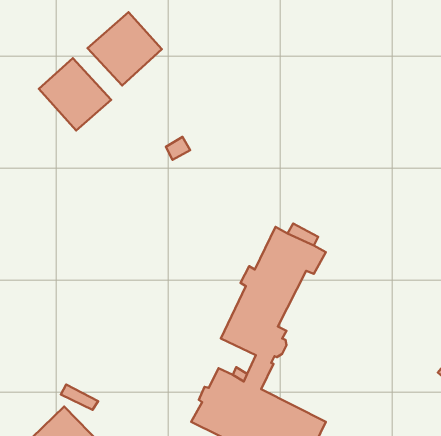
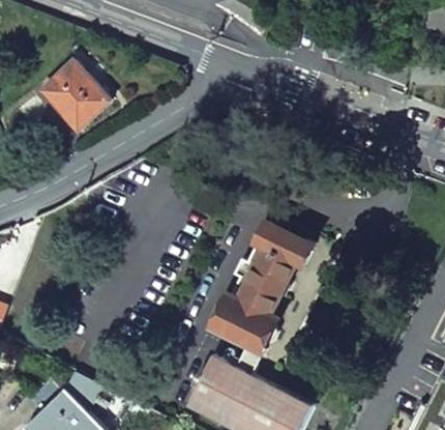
building: [87,12,162,86] -> none

